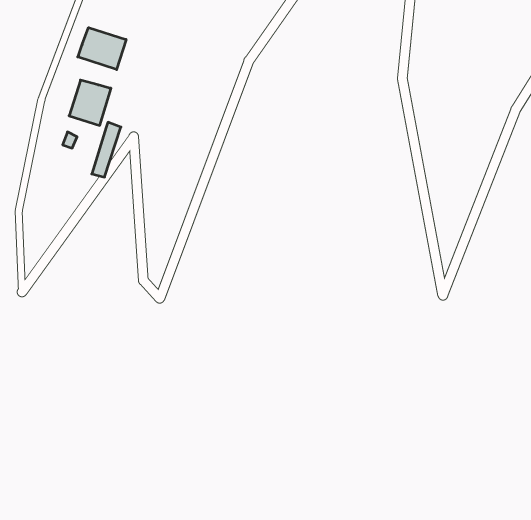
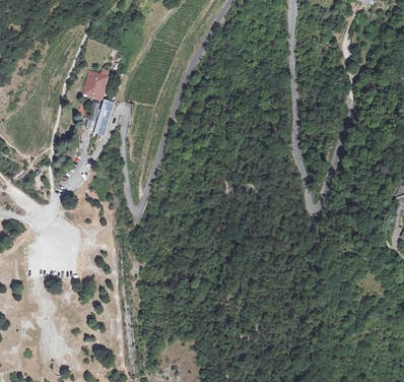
building: [78,28,126,70] -> none

